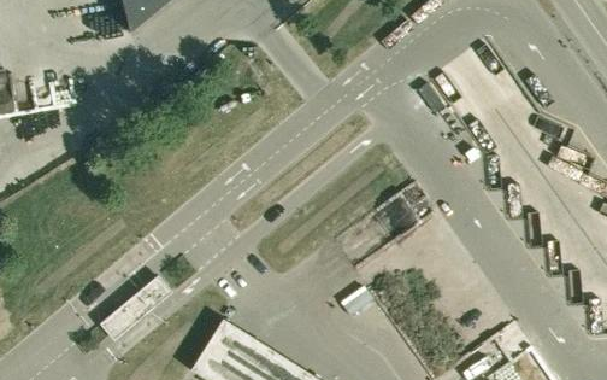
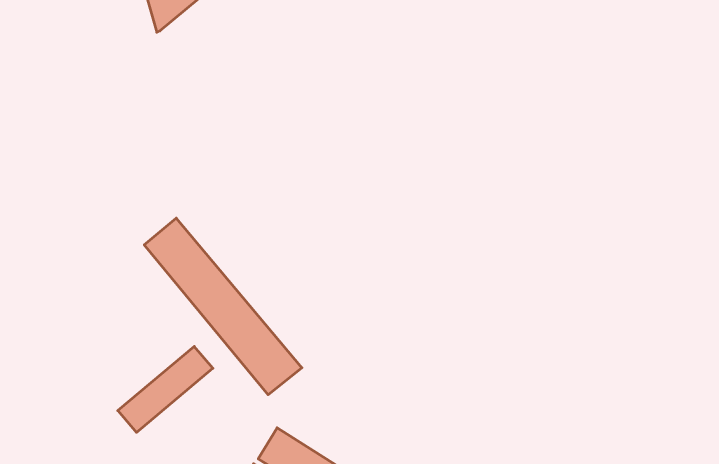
building: none -> [144,218,302,395]

